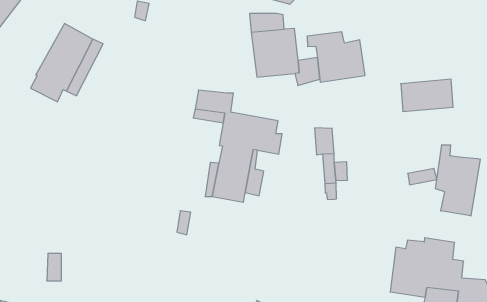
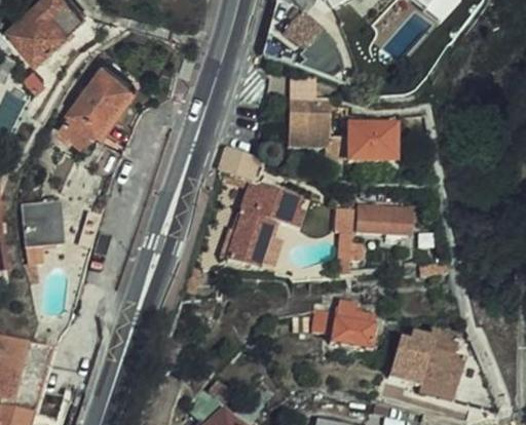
building: [401,79,453,112] -> [358,206,410,237]
building: [435,145,480,216] -> none
building: none -> [35,204,67,242]
building: none -> [311,302,376,349]

